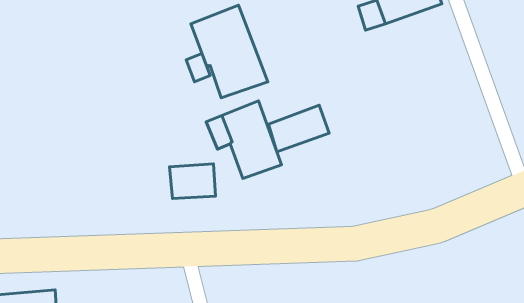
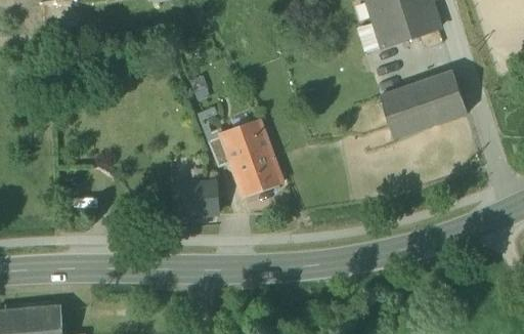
building: [191,5,268,98] -> none
building: none -> [380,70,468,138]
building: [268,105,329,152] -> none

